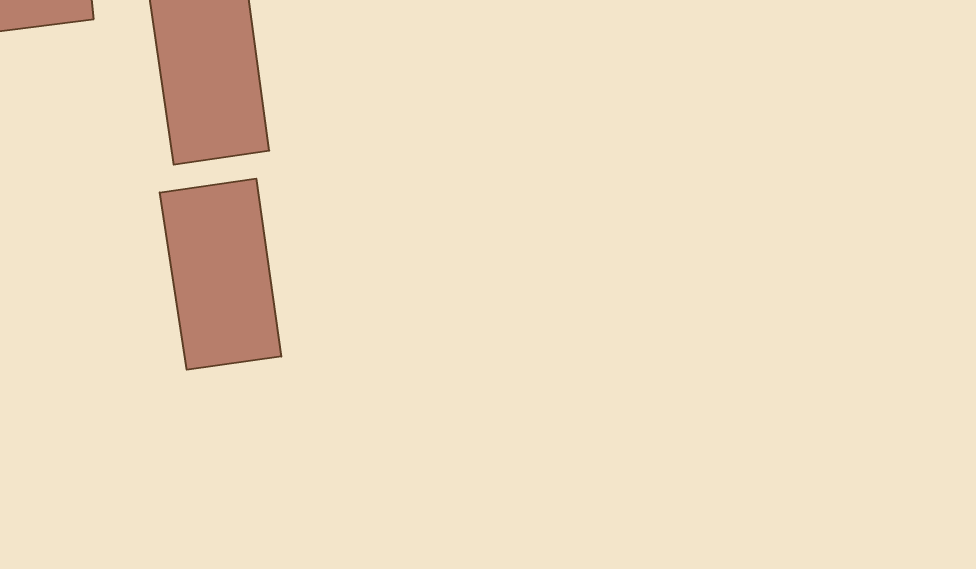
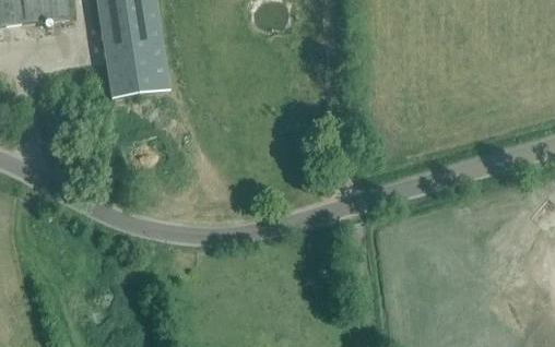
building: [160,179,281,370] -> none

